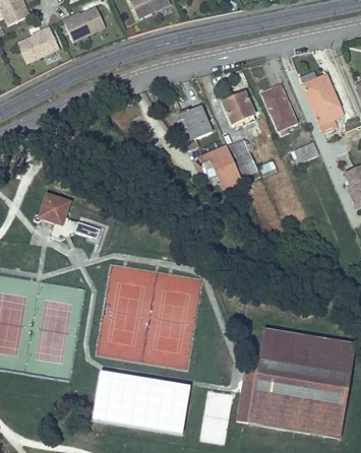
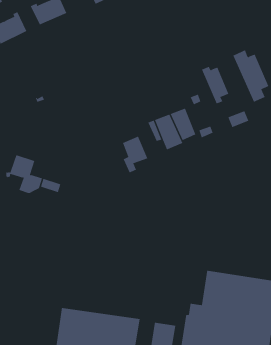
building: [223,92,254,124] -> none
building: [181,106,212,149] -> [122,136,148,173]

